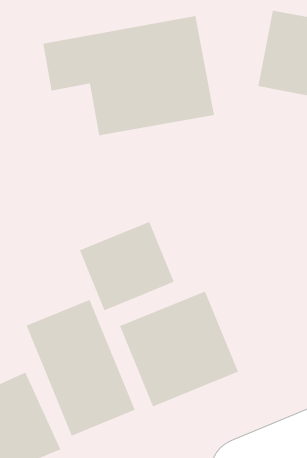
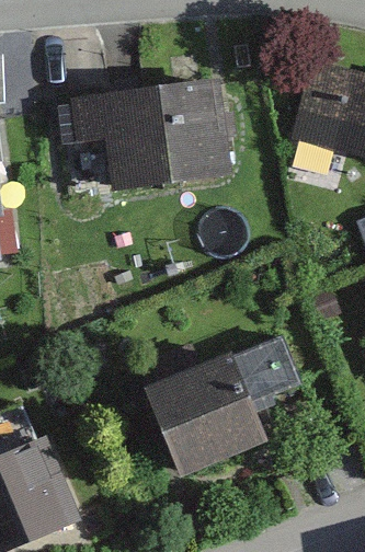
building: [79,221,174,311] -> none
building: [26,299,135,436] -> none

